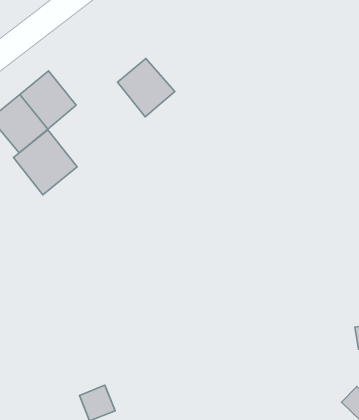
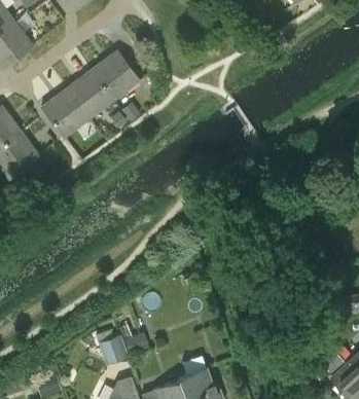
building: [117,58,175,117] -> [92,51,139,100]
building: [14,130,77,195] -> none

